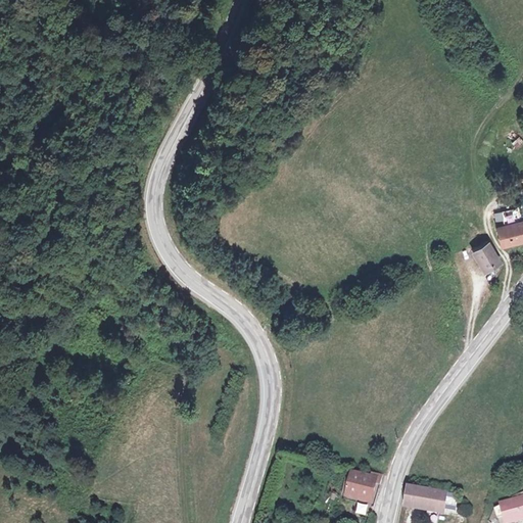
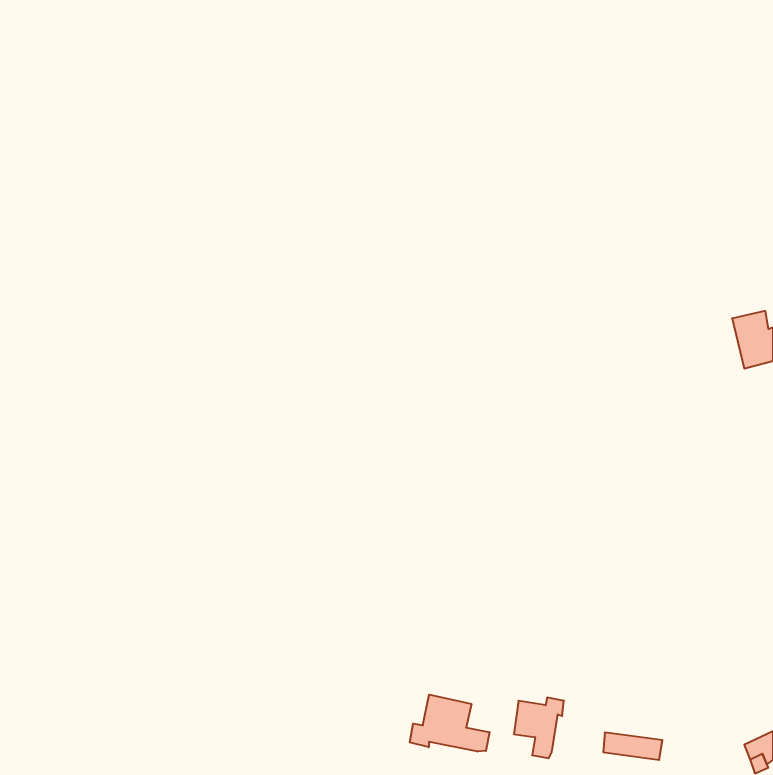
building: [470,241,501,274] -> none
building: none -> [410,695,489,752]

